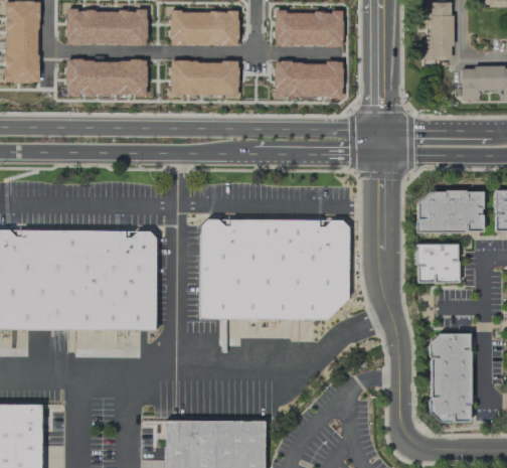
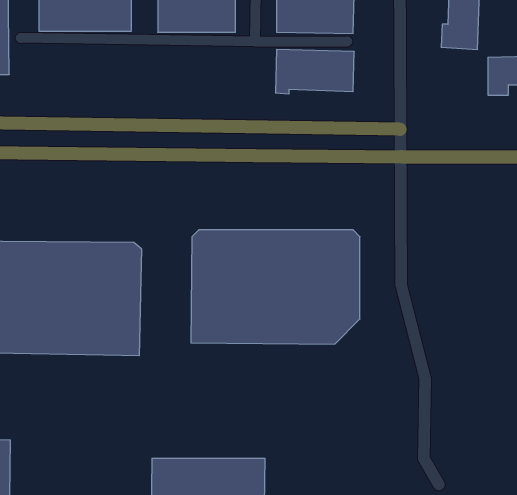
building: [66,59,148,95] -> none
building: [170,60,239,99] -> none
building: [418,192,483,230] -> none
building: [417,245,460,283] -> none
building: [429,334,473,424] -> none

